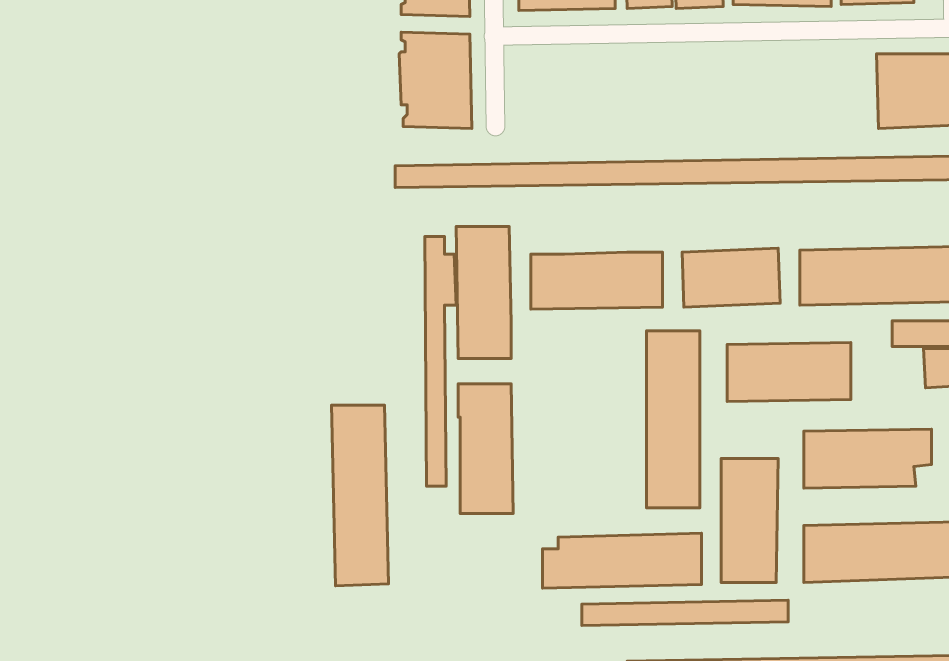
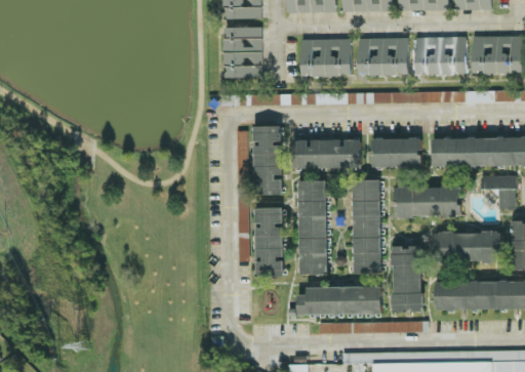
building: none -> [415,37,468,75]
building: none -> [359,38,409,76]
building: none -> [301,39,353,77]
building: [331,405,388,586] -> [297,180,327,275]

